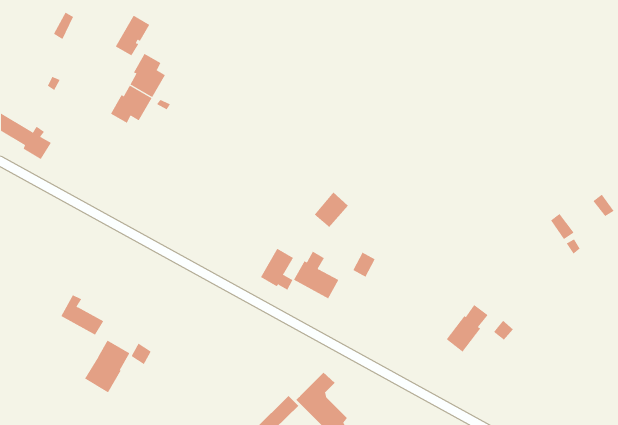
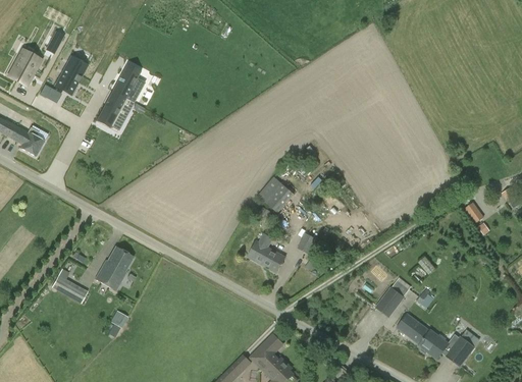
building: [115,15,150,56] -> [55,59,85,94]
building: none -> [9,51,44,85]
building: [260,248,294,290] -> none
building: [84,340,130,393] -> [96,245,135,290]
building: none -> [398,314,480,366]

